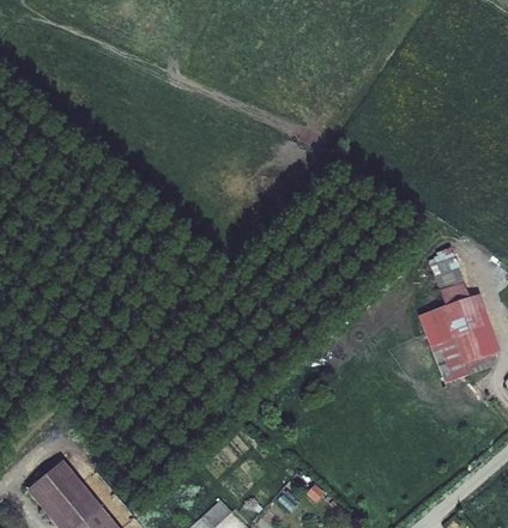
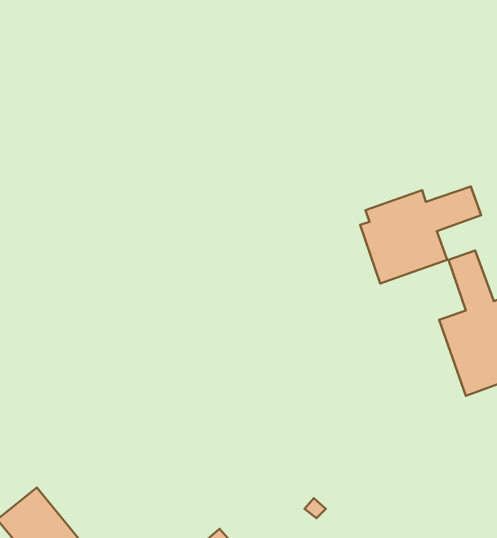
building: none -> [360,187,481,284]

